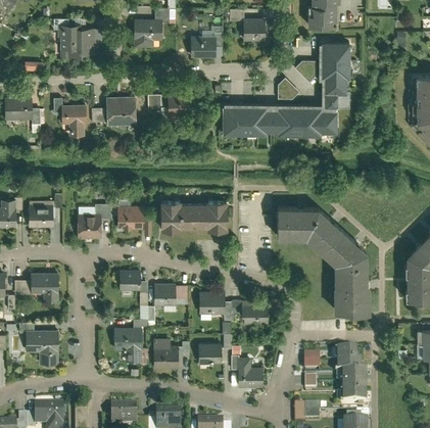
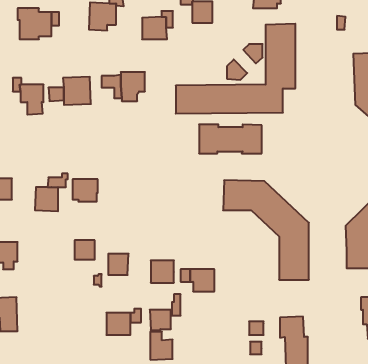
building: [160,200,227,231] -> [199,124,262,153]
building: [113,328,141,363] -> none
building: [238,359,261,388] -> [150,332,173,360]

